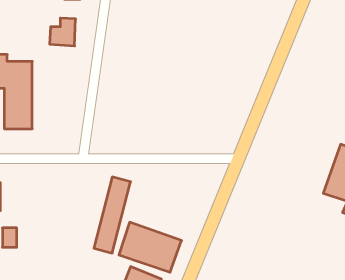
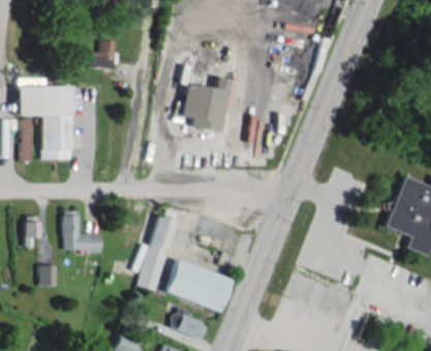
building: none -> [181,76,232,133]
building: none -> [64,211,102,252]

